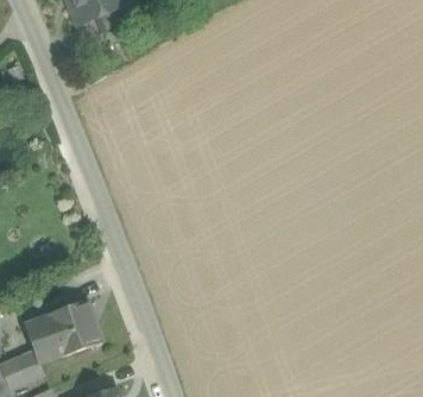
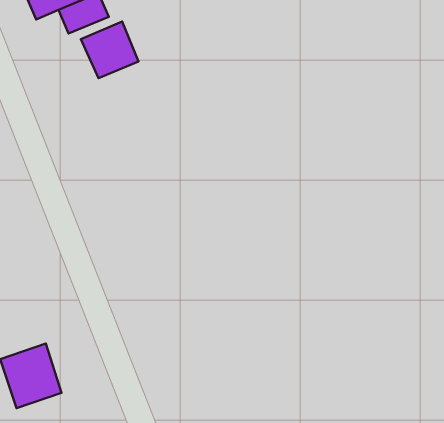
building: none -> [81,22,139,78]

